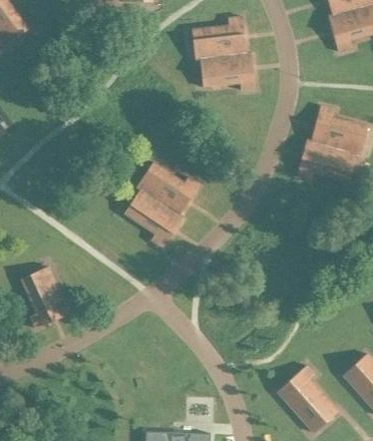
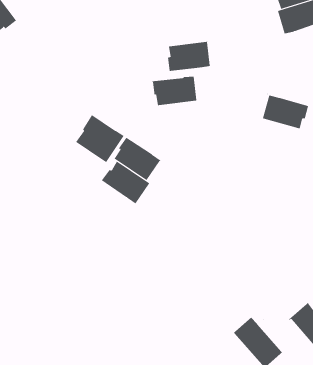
building: [192,16,250,58] -> [151,70,201,106]
building: none -> [70,114,130,164]
building: [296,139,360,181] -> none
building: [20,266,69,328] -> none

